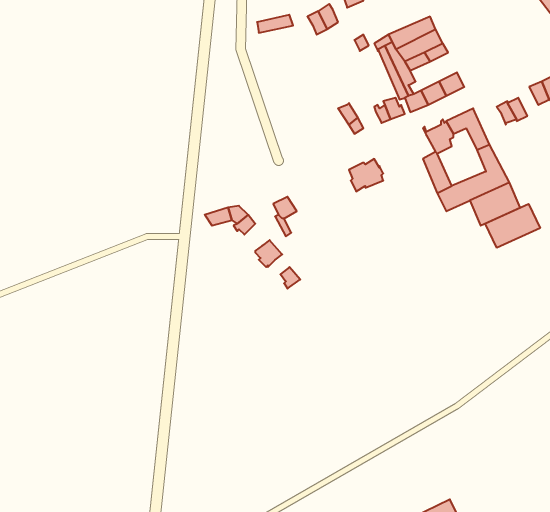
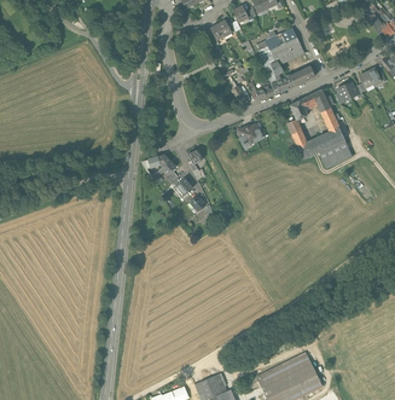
building: [485,204,540,248] -> none

